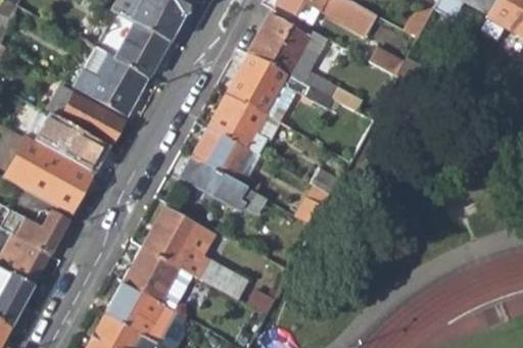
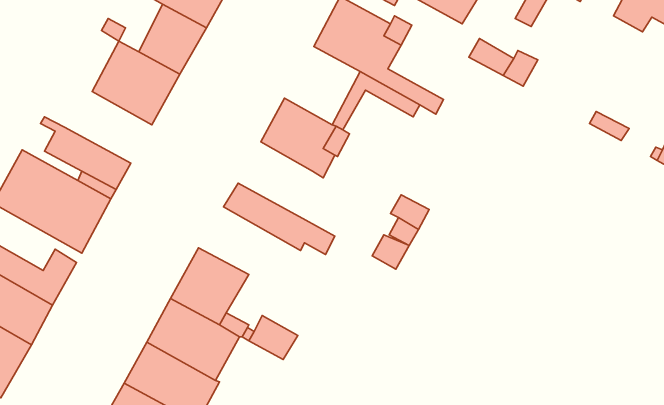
building: [228,53,286,113] -> none
building: [51,84,123,143] -> none
building: [192,127,250,187] -> none

